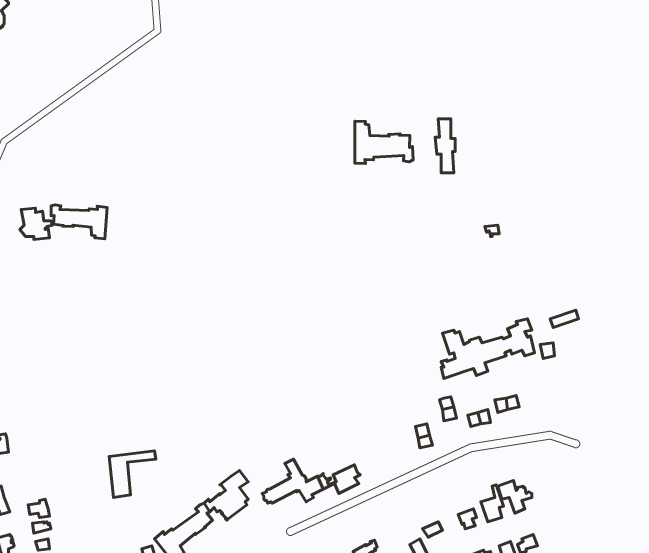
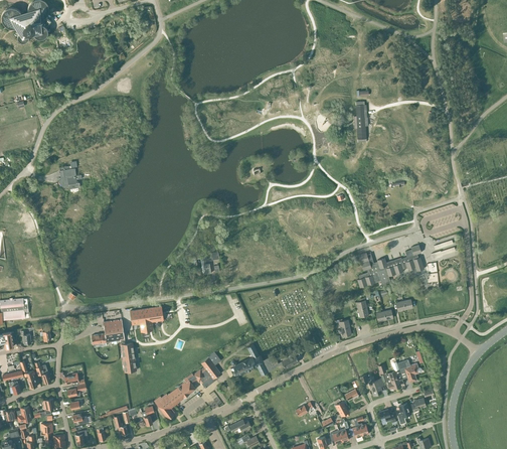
building: [355,121,413,164] -> none
building: [51,205,107,239] -> none
building: none -> [130,306,163,331]
building: none -> [92,319,124,343]

